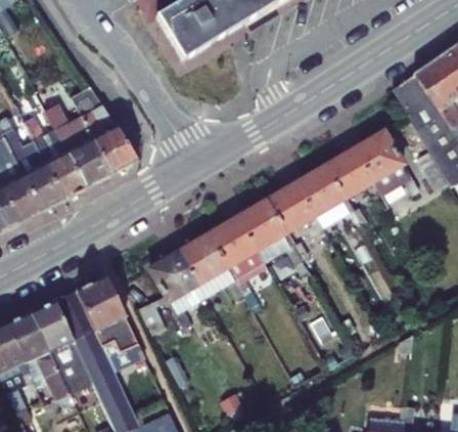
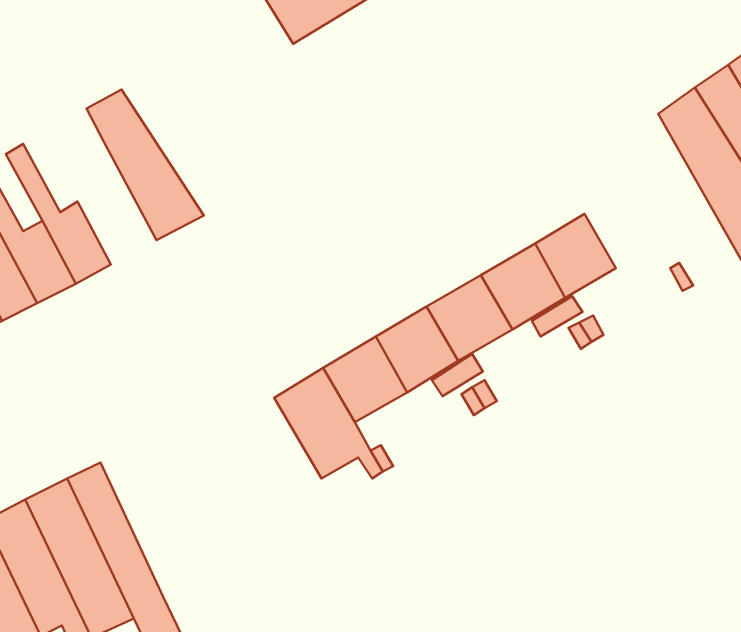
building: [39,95,107,178] -> none
building: [357,131,411,191] -> none
building: [136,256,203,337] -> none
building: [75,279,141,373] -> none

